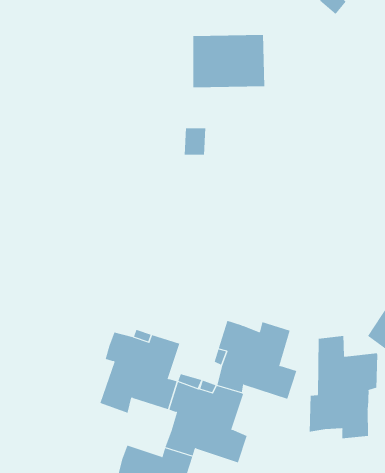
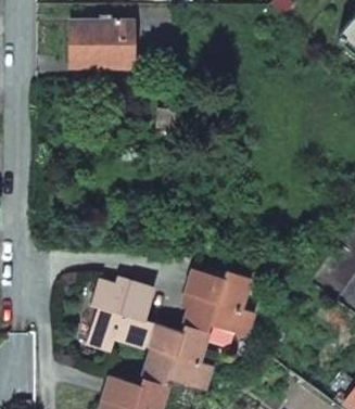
building: [192,34,265,88] -> [72,22,132,66]
building: [309,335,378,439] -> none

